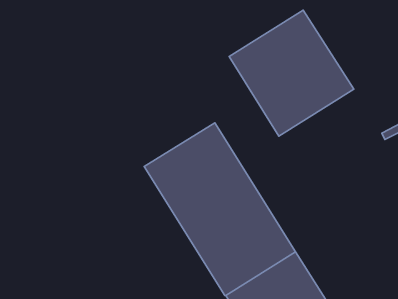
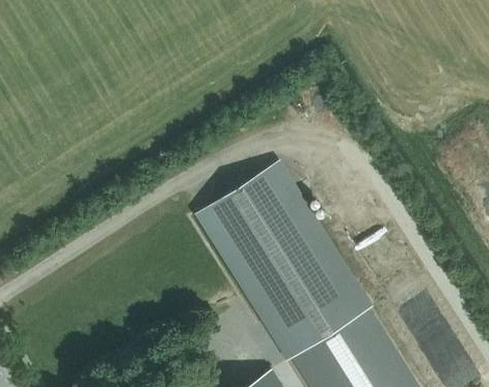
building: [229,10,354,136] -> none

